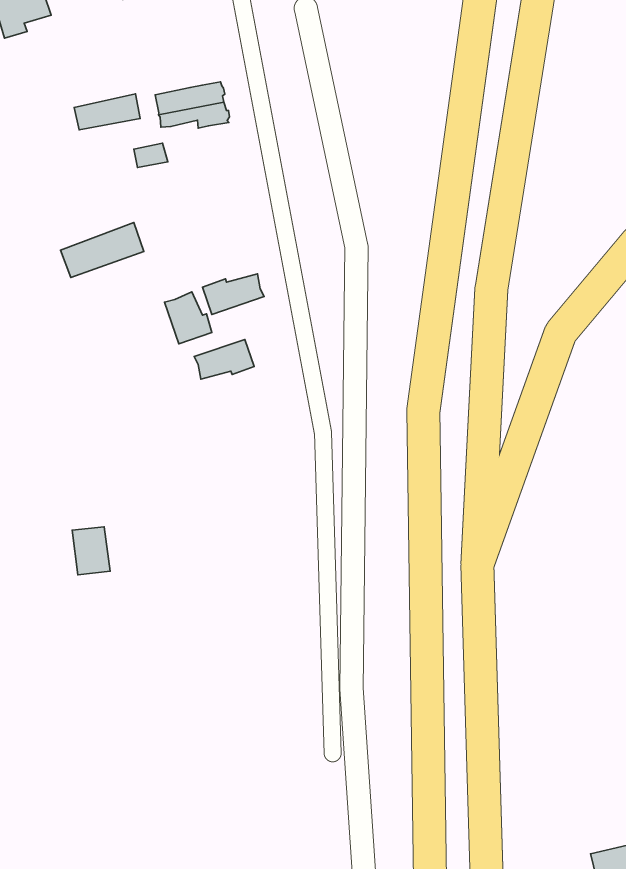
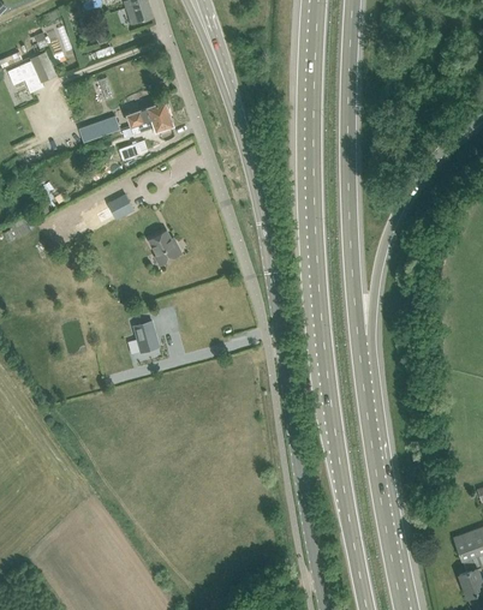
building: [203,274,264,314] -> none
building: [194,339,254,379] -> none
building: [72,527,110,575] -> [133,321,160,352]

